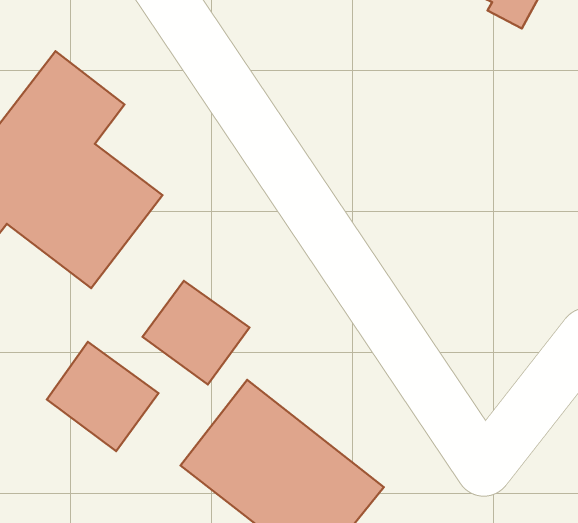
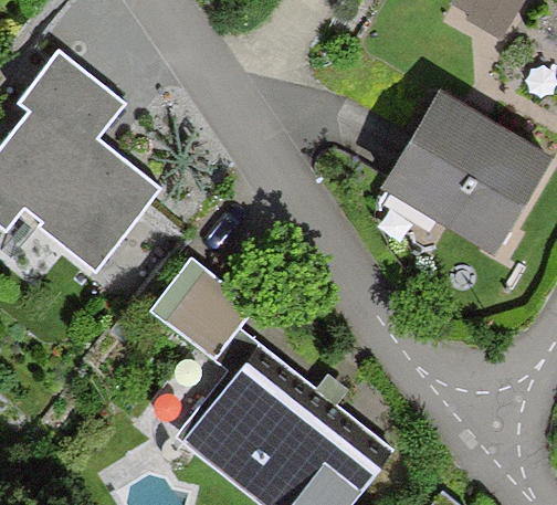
building: none -> [381,90,543,245]
building: [47,342,158,451] -> none

